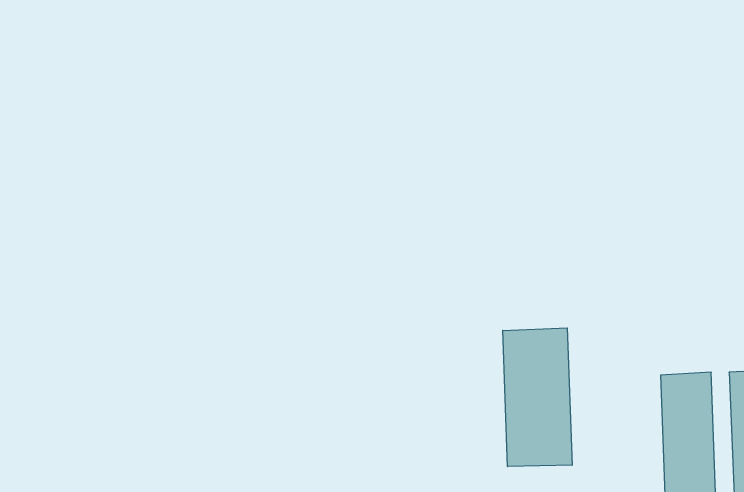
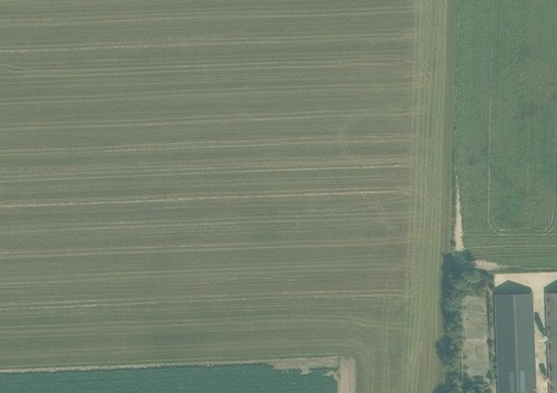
building: [503,328,572,467] -> none

